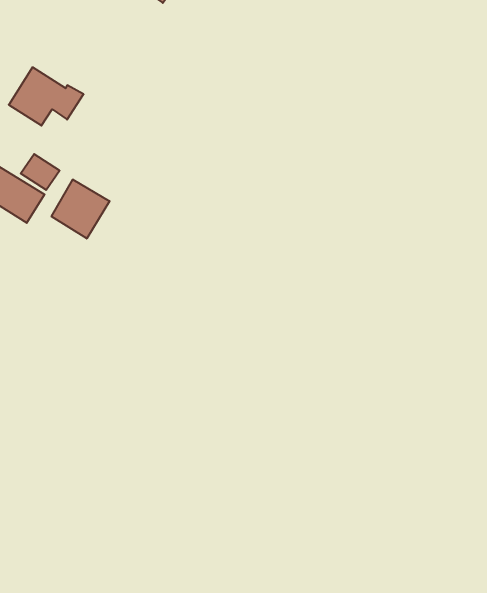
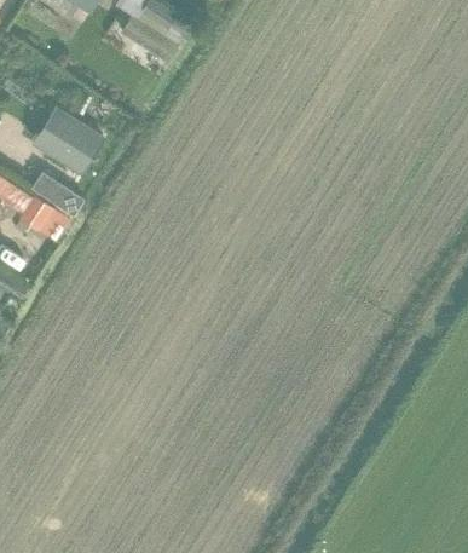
building: [52,179,110,239] -> none

